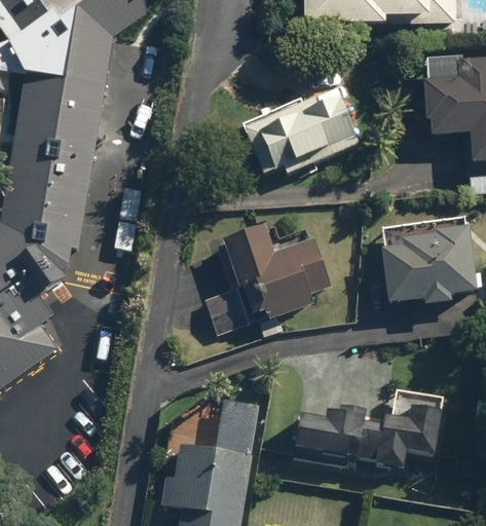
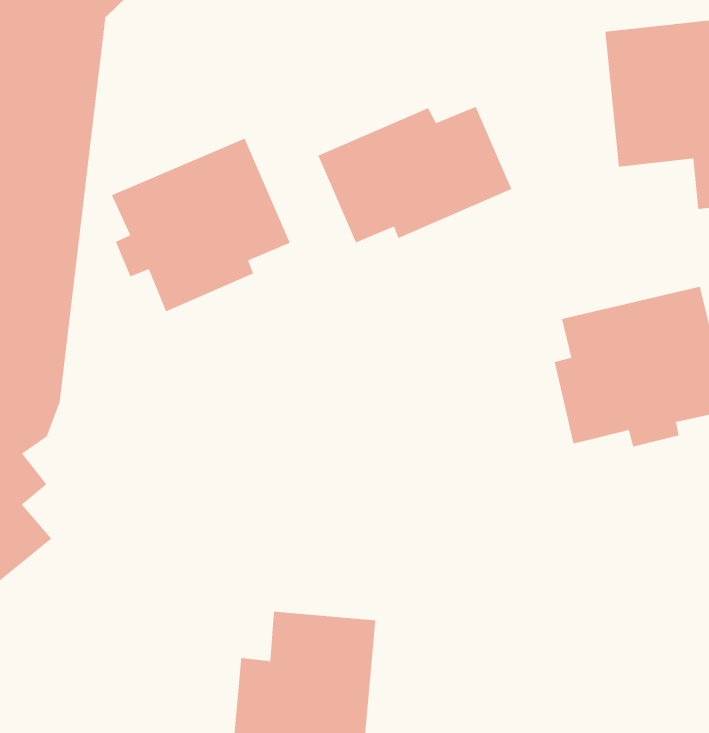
building: none -> [111,138,290,312]
building: [211,224,335,334] -> none
building: [286,383,447,469] -> none

